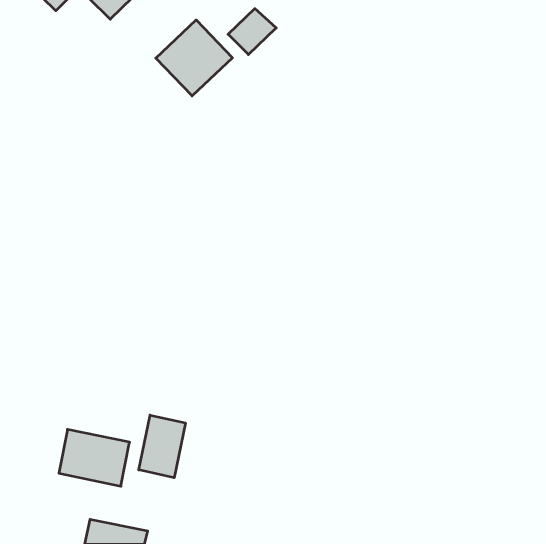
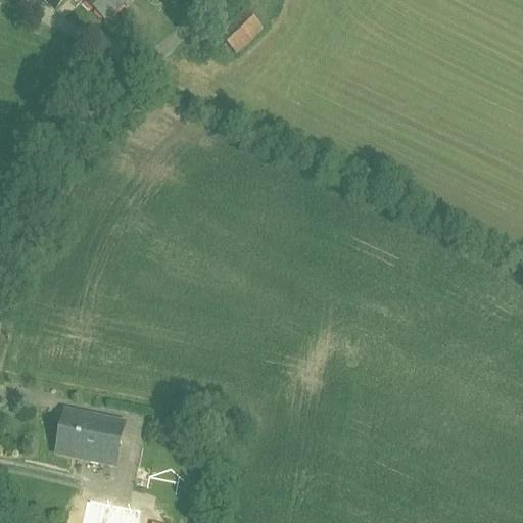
building: [156,20,232,96] -> none
building: [139,415,185,478] -> none

